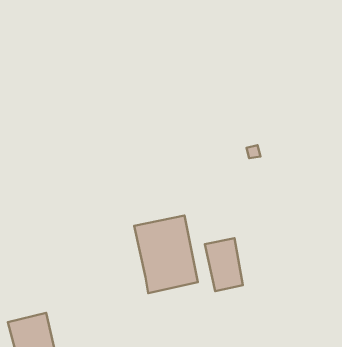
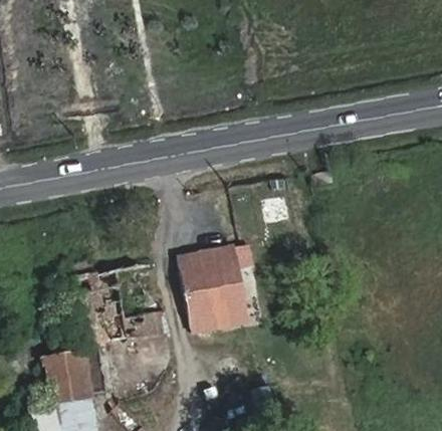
building: [205,238,243,291] -> none

